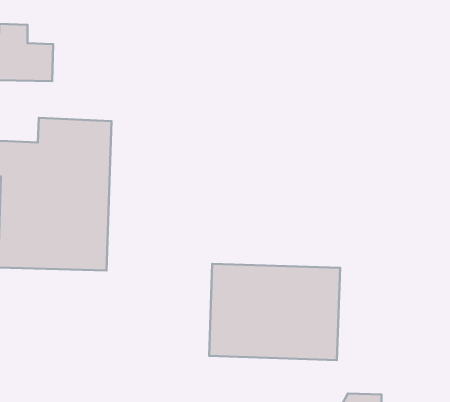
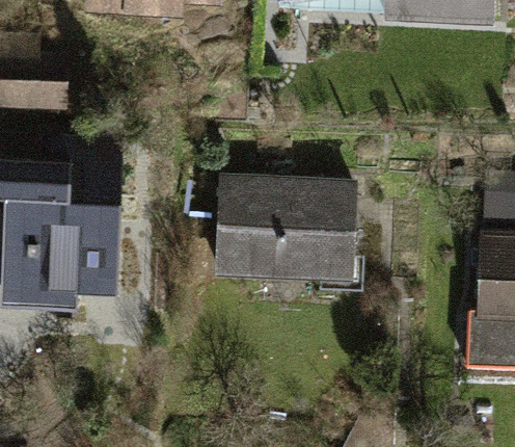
building: [209,264,340,360] -> [220,181,353,279]

